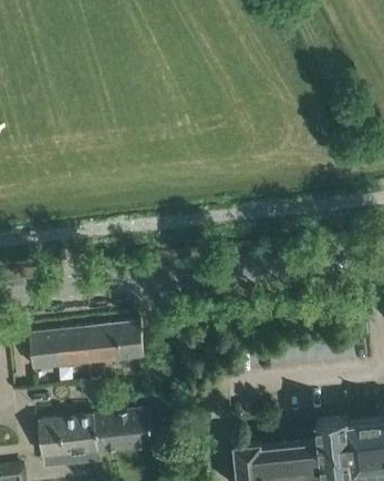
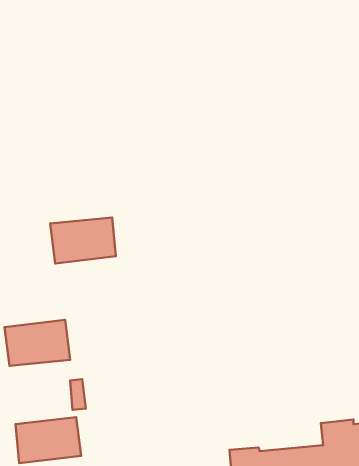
building: [84,323,144,365] -> [50,217,116,264]
building: [94,411,154,452] -> none

